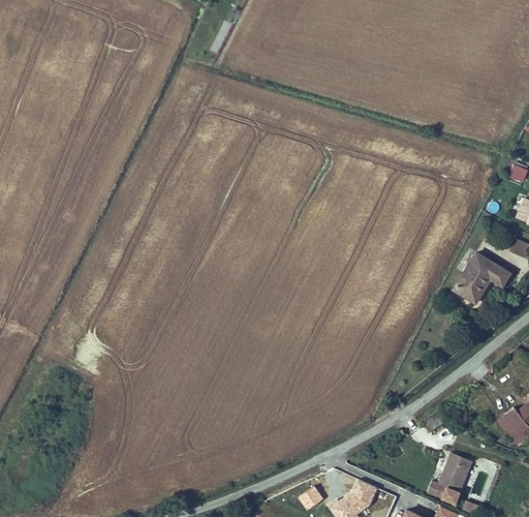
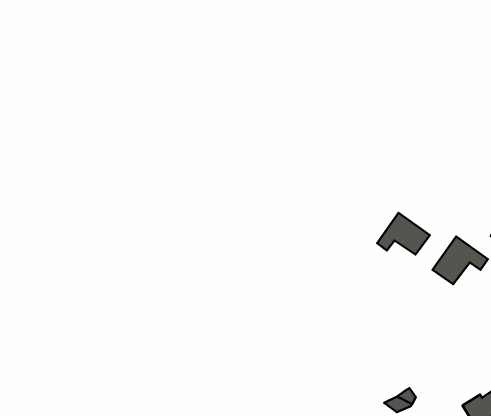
building: none -> [377,213,430,255]

